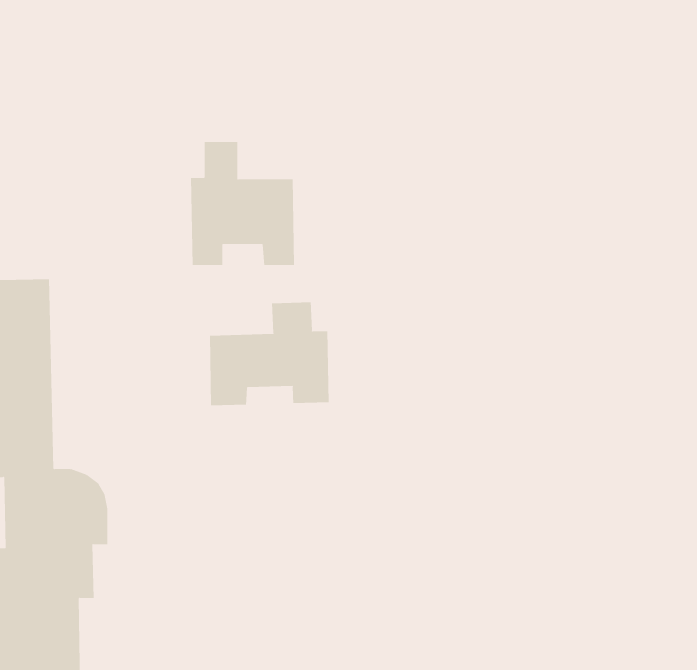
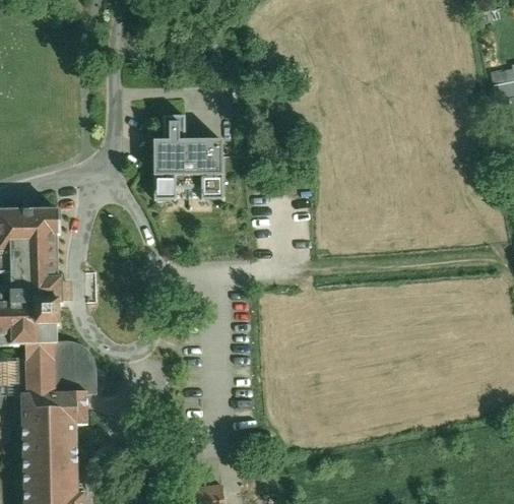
building: [209,302,329,406] -> none

